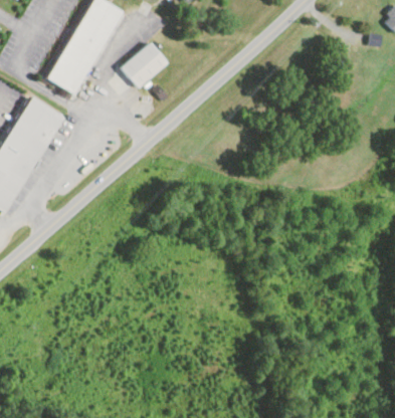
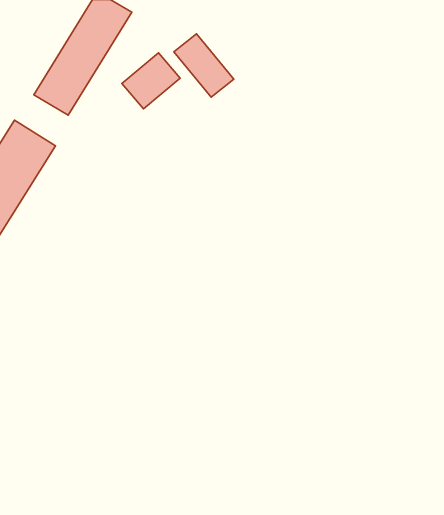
building: none -> [174,34,234,97]

